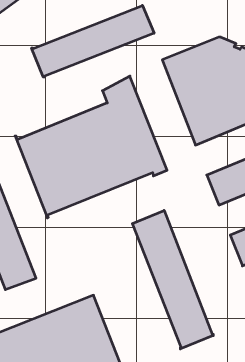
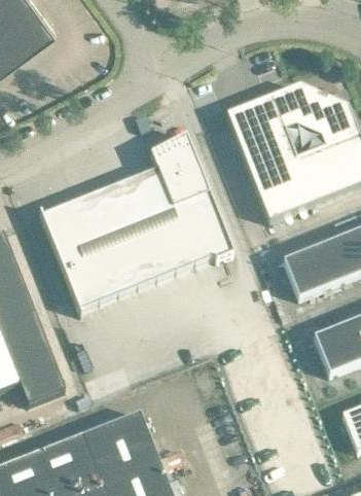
building: [32,5,154,77] -> none
building: [132,210,213,349] -> none

